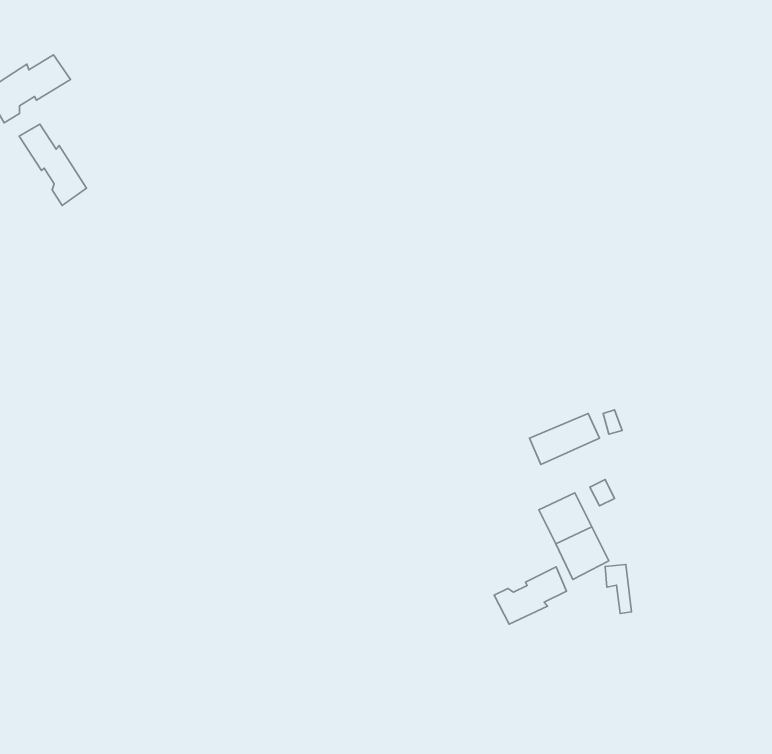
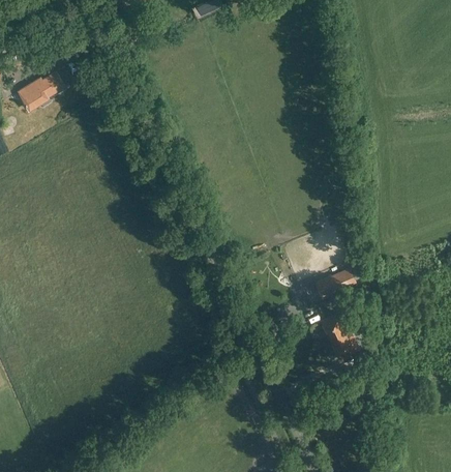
building: [19,124,87,205] -> none
building: [494,567,566,624] -> none

